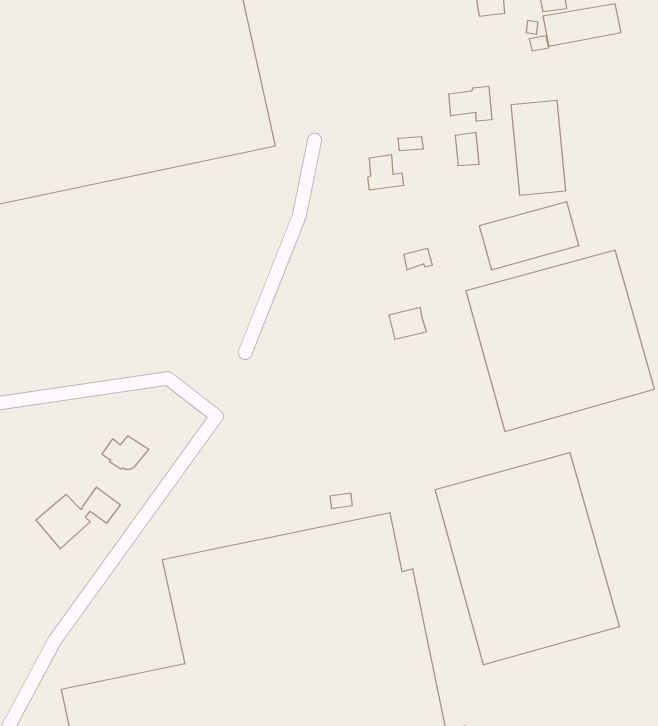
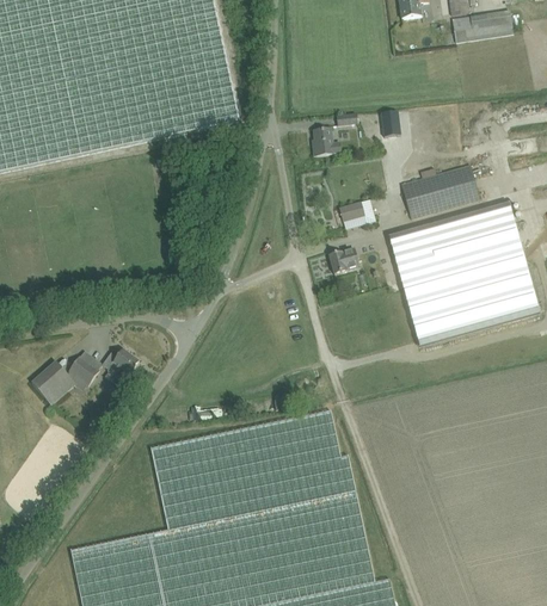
building: [449,86,492,121] -> none
building: [511,100,566,195] -> none
building: [435,452,619,665] -> none
building: [36,487,120,549] -> [32,357,99,406]

